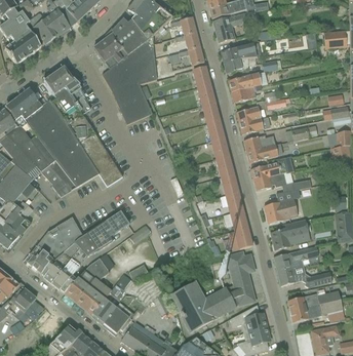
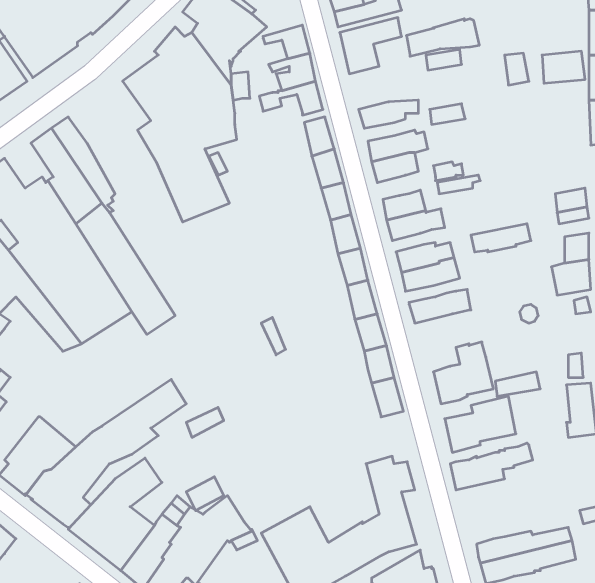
building: [221,42,261,63] -> [406,19,479,56]
building: [253,172,311,192] -> none
building: [48,216,82,247] -> none
building: [227,228,251,250] -> none
building: [276,265,331,286] -> none

